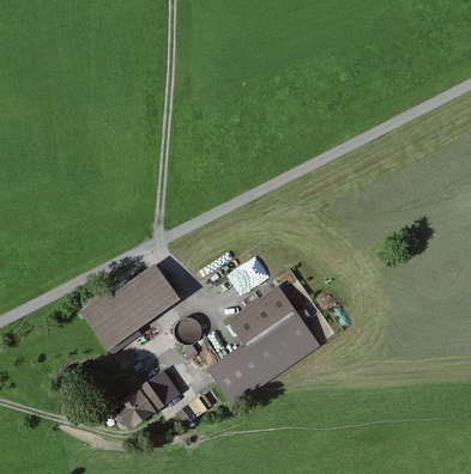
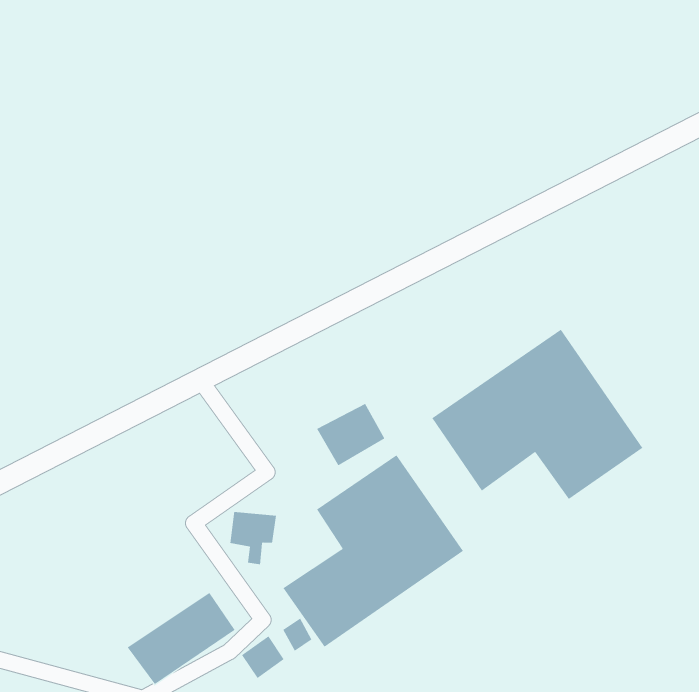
building: none -> [432,329,643,500]
building: [83,266,176,351] -> none

